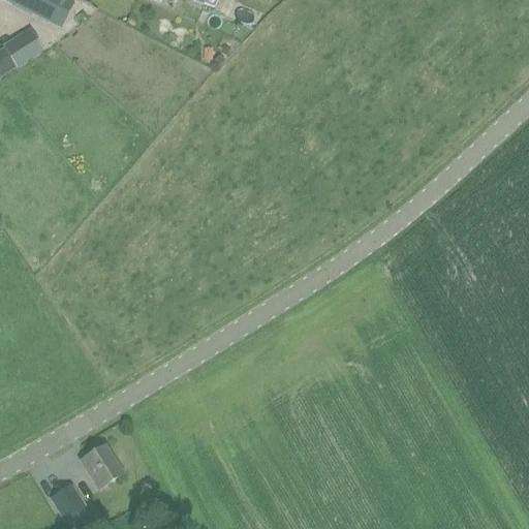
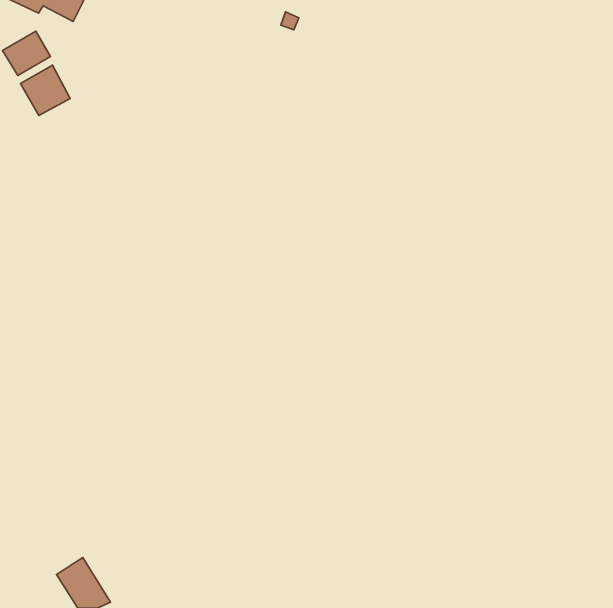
building: none -> [21,65,70,116]
building: [80,443,122,487] -> none

